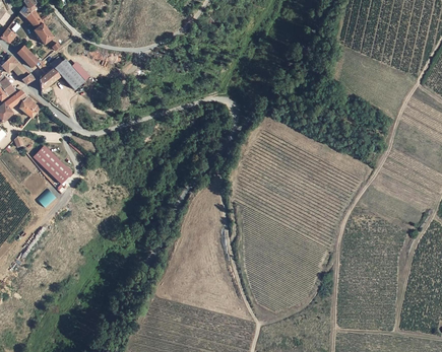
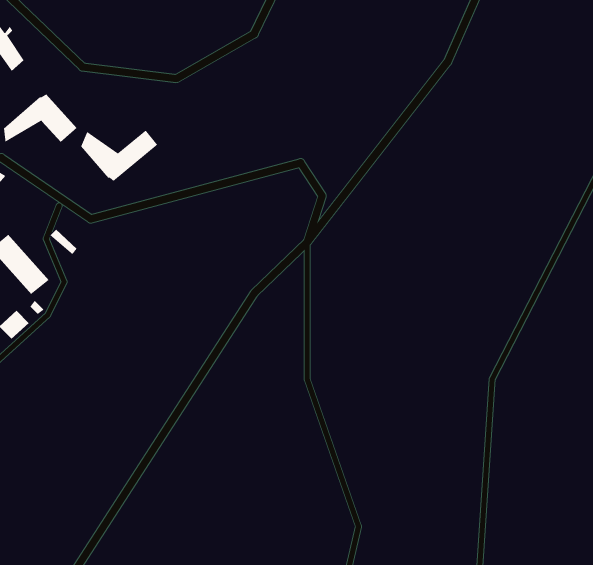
building: none -> [80,129,158,182]

